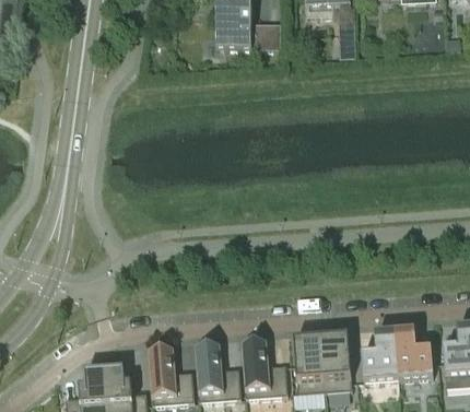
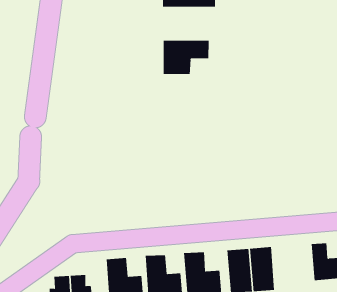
building: none -> [163,40,209,75]
building: [361,333,398,380] -> none

